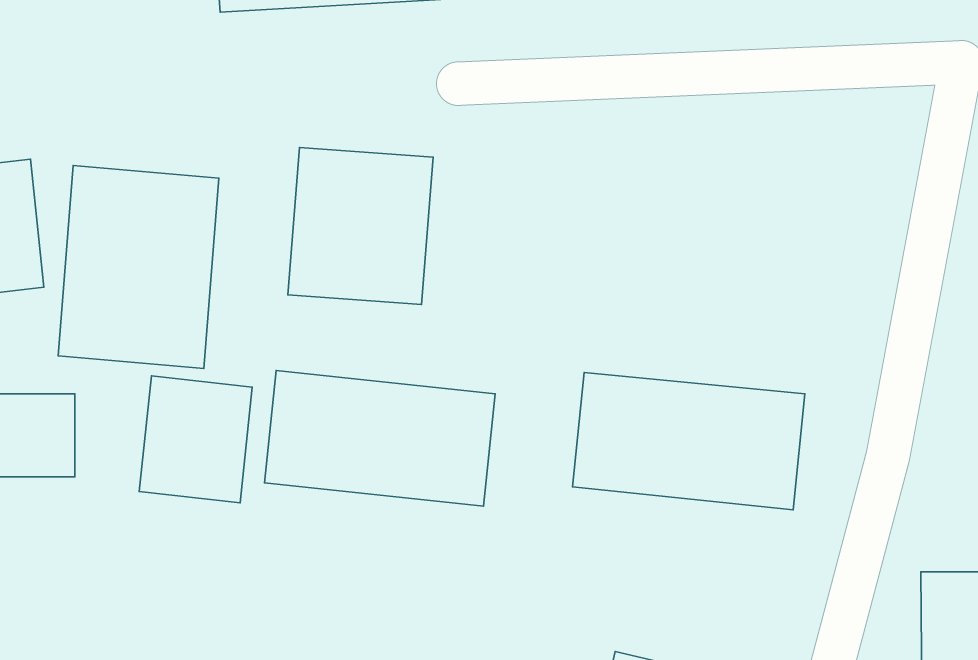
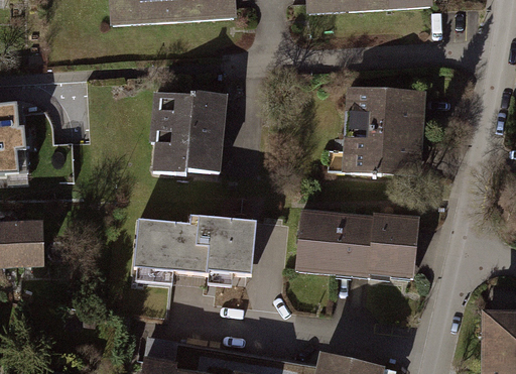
building: none -> [339,88,427,172]
building: [58,166,219,368] -> none
building: [139,376,252,503] -> none

